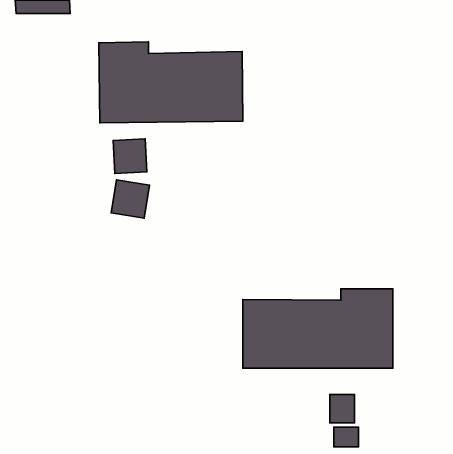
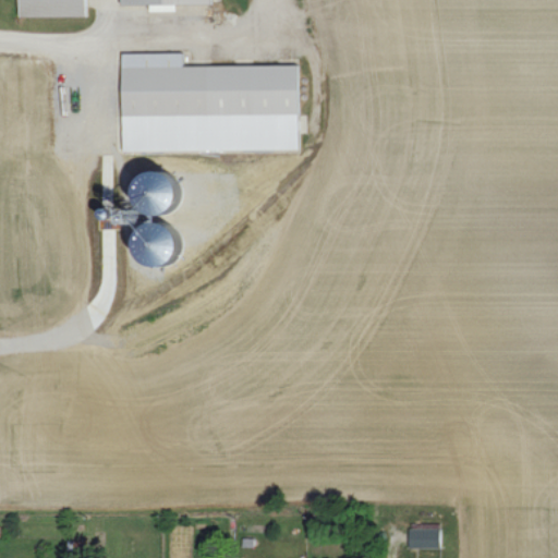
building: [243,289,393,368] -> none
building: [330,395,354,423] -> none

